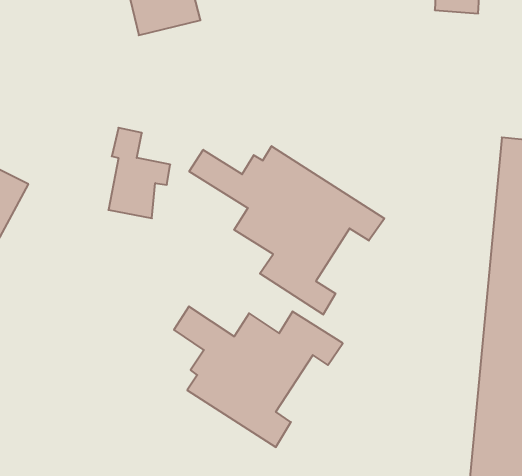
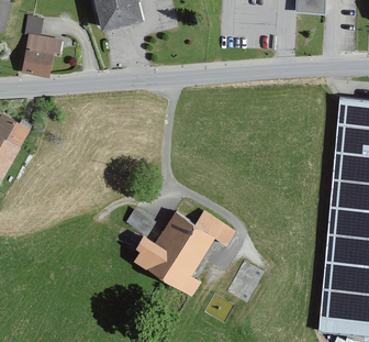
building: [108,128,170,218] -> [20,15,60,75]
building: [189,146,384,315] -> none

